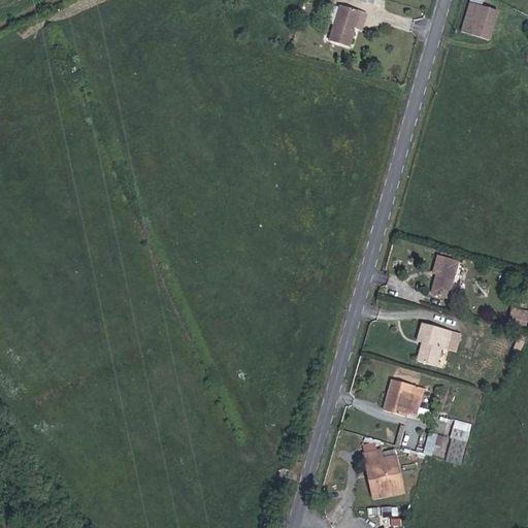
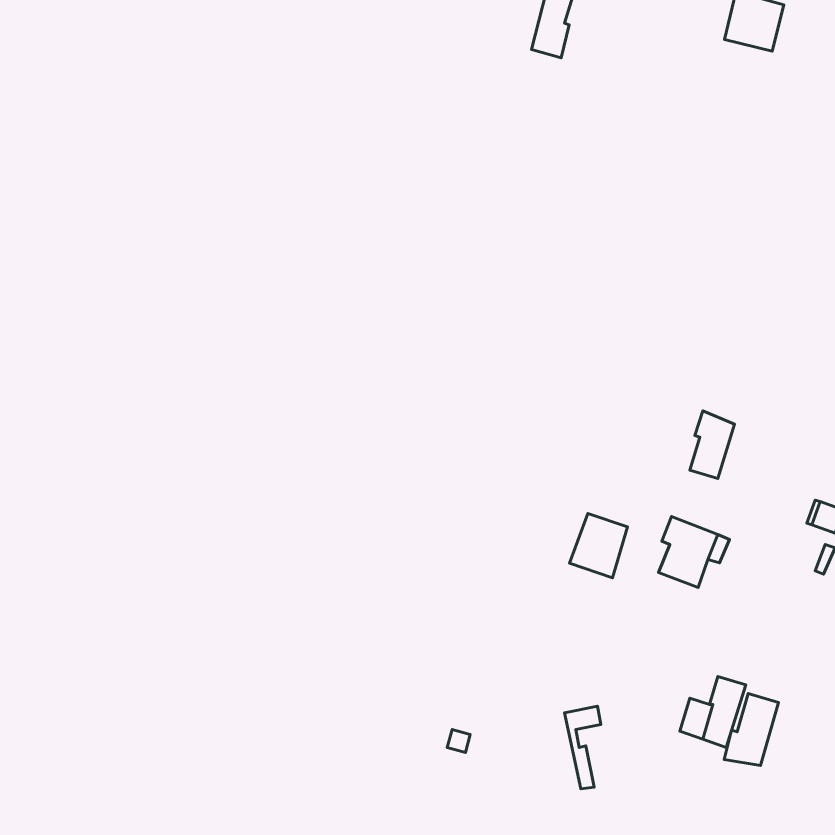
building: [381,377,417,418] -> [570,514,627,578]
building: none -> [724,694,779,766]
building: [365,451,401,492] -> none

